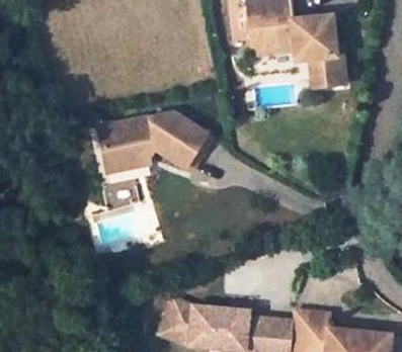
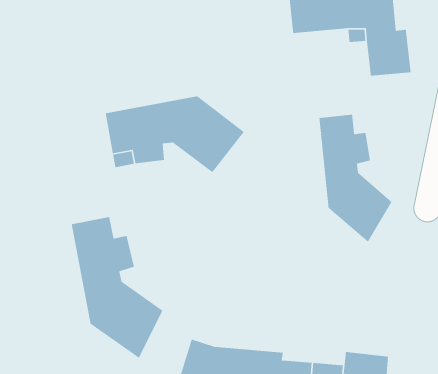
building: none -> [319,114,393,243]
building: none -> [71,216,163,359]

